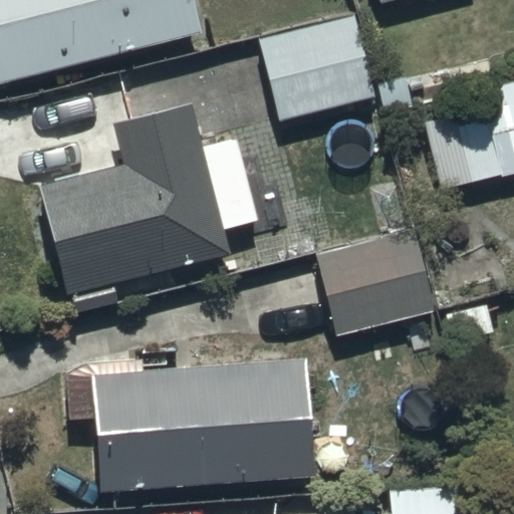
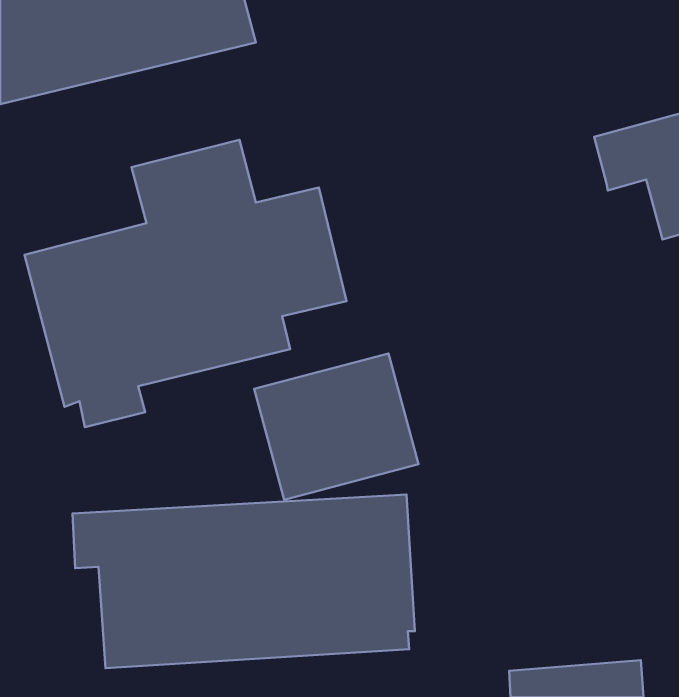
building: [259,15,380,123] -> none
building: [315,228,436,335] -> [254,353,418,500]

